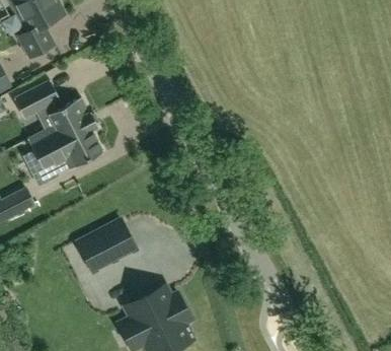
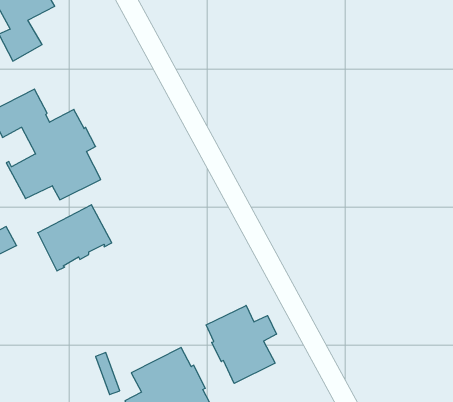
building: [77,221,136,274] -> [38,205,112,271]
building: none -> [206,305,276,383]

